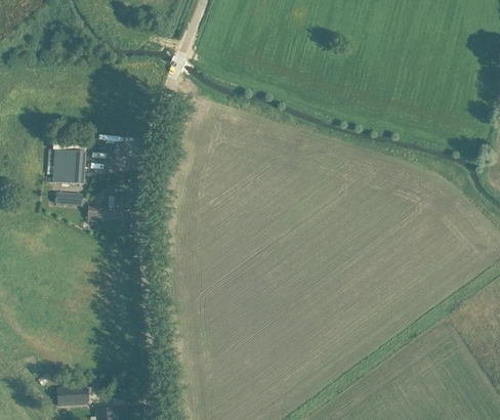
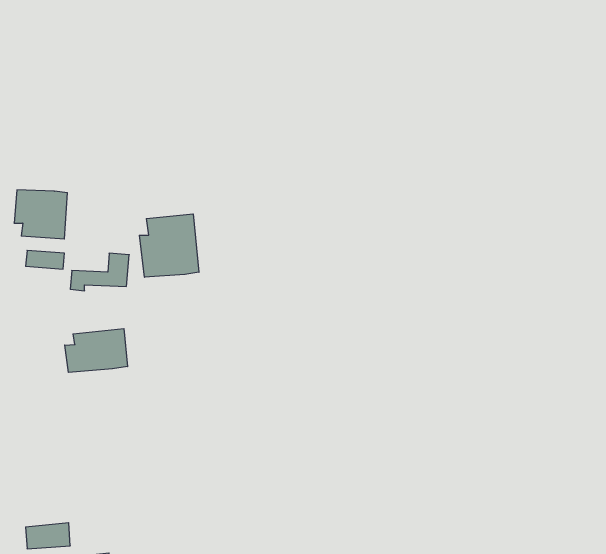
building: none -> [139,214,199,277]
building: none -> [65,329,128,372]

